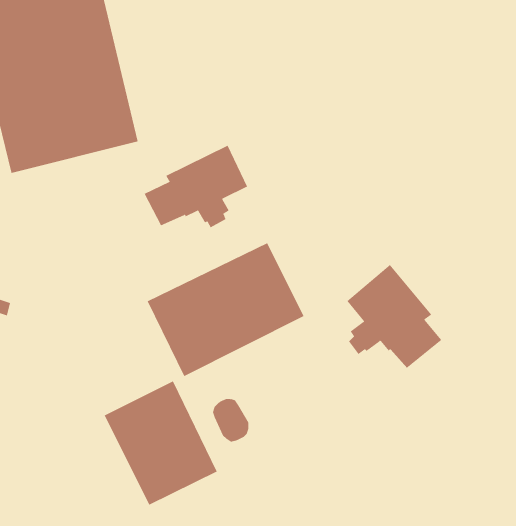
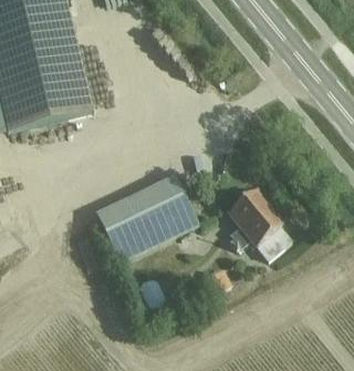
building: [144,145,248,228] -> none
building: [104,381,217,505] -> none

